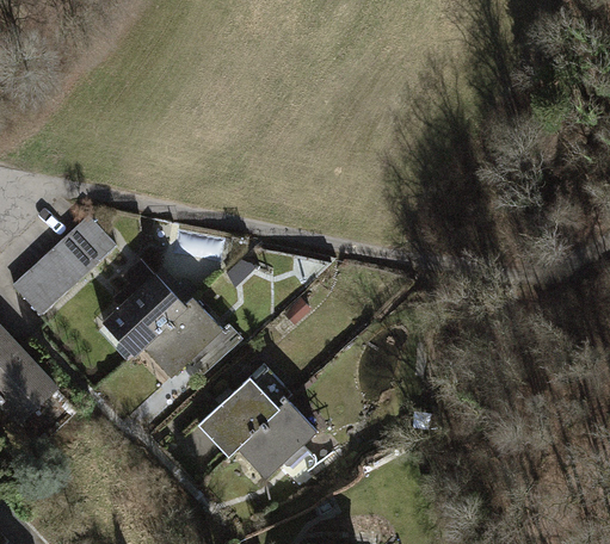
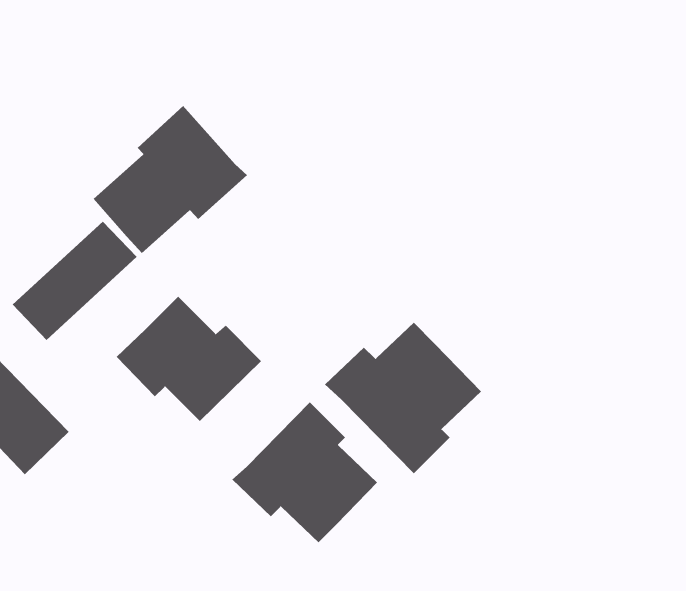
building: none -> [93,105,248,254]
building: none -> [324,322,482,474]

